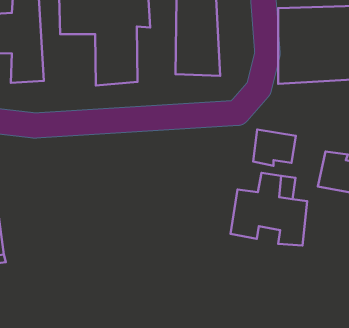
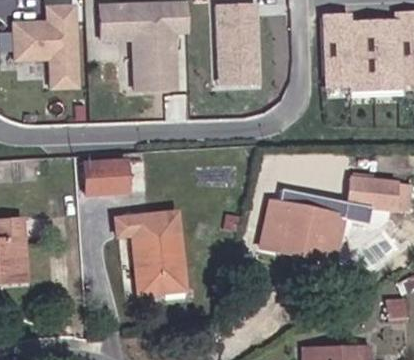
building: [253,130,296,166] -> none
building: none -> [87,157,135,195]
building: none -> [123,213,196,300]

